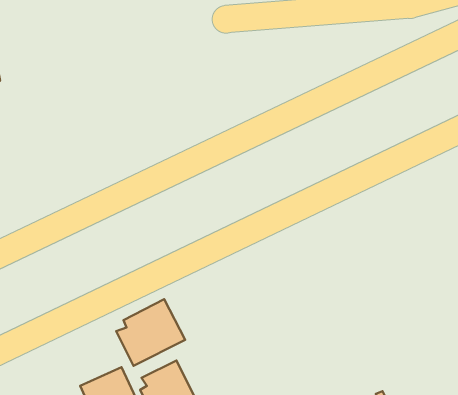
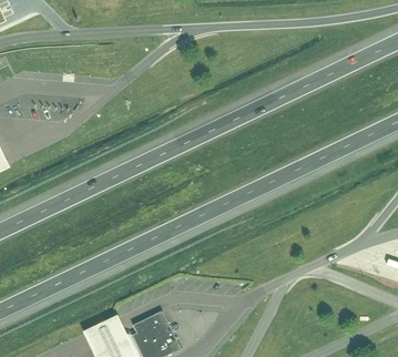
building: [116,299,185,366] -> none

